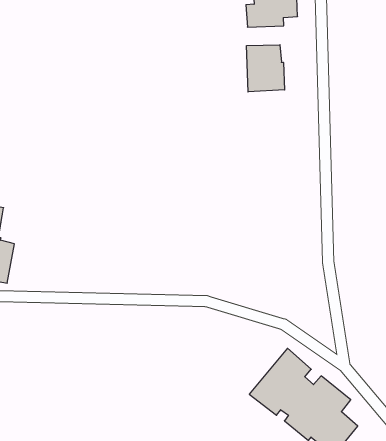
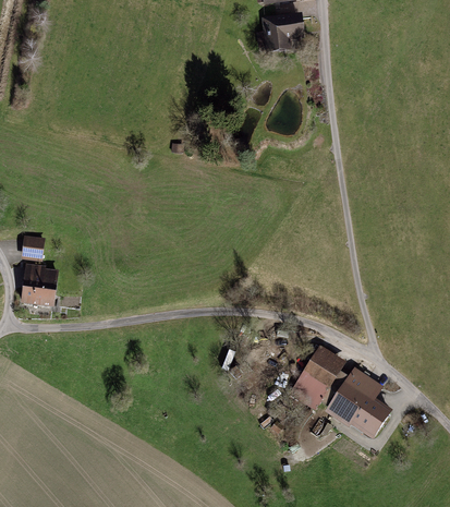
building: [247,45,285,92] -> none

